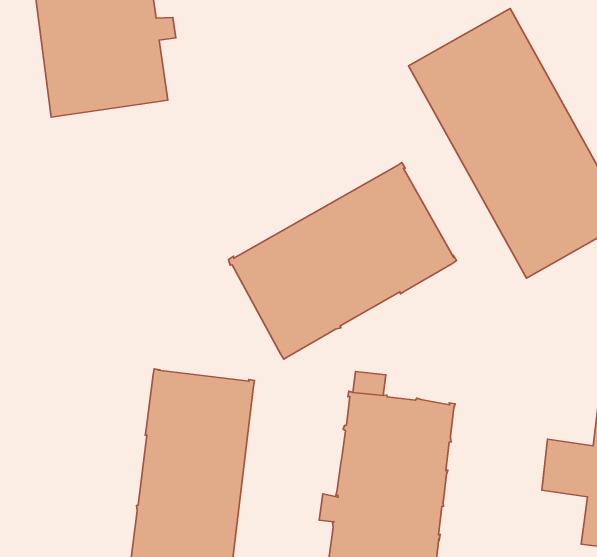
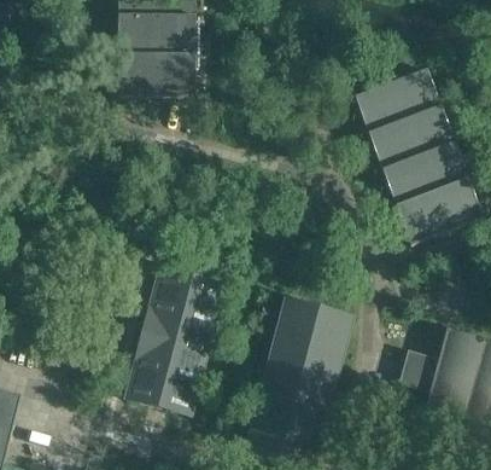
building: [229,163,456,359] -> none

